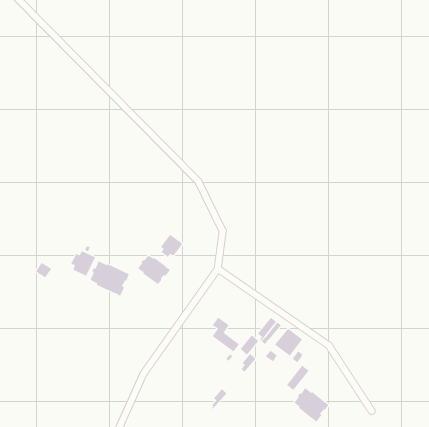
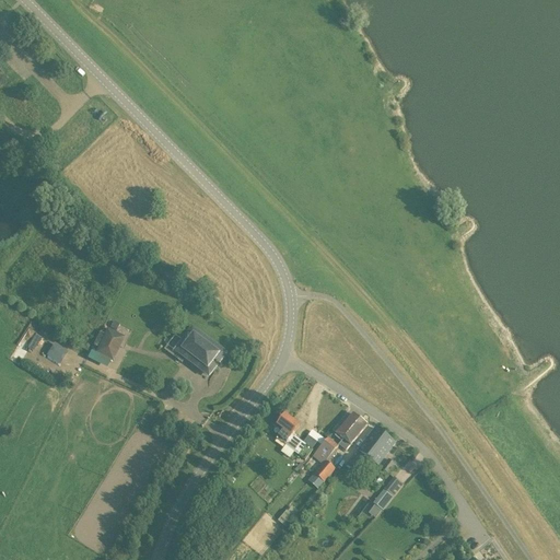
building: [160,234,183,258] -> none
building: [90,260,130,297] -> none
building: [294,387,329,423] -> none

